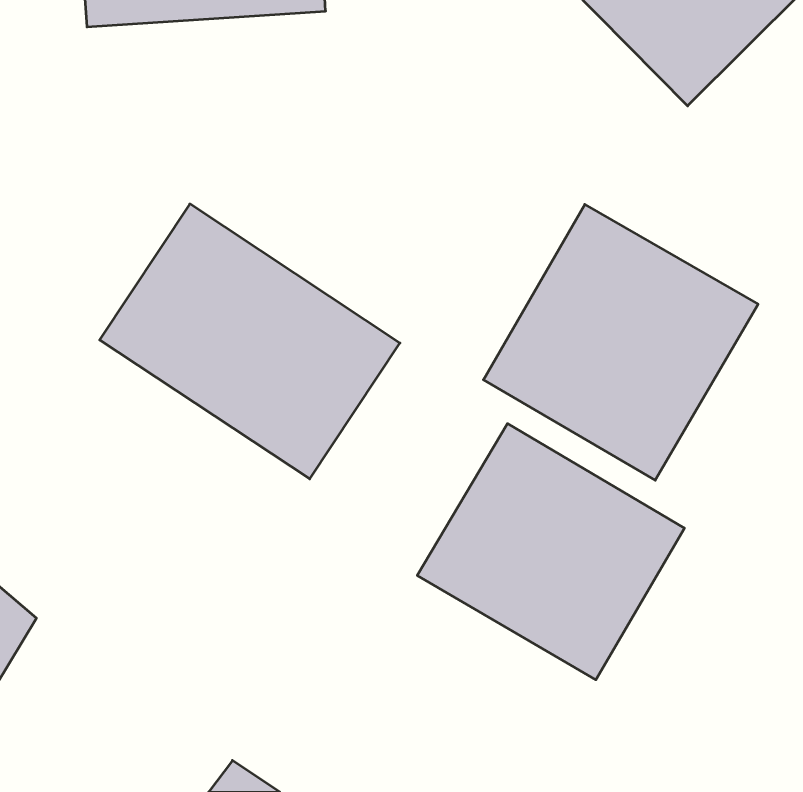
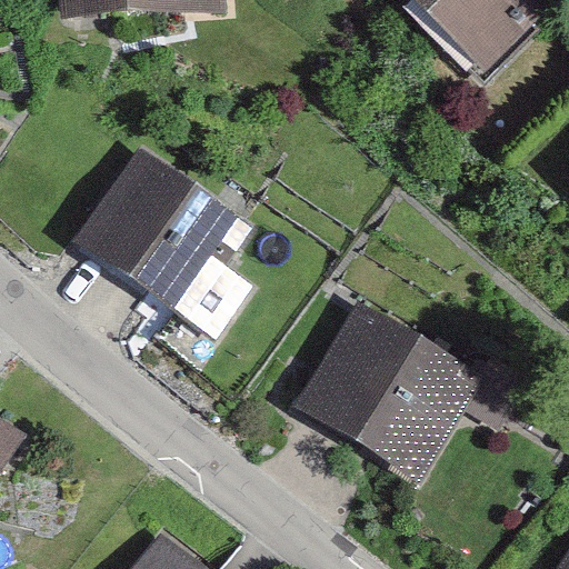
building: [483,204,758,480] -> none

